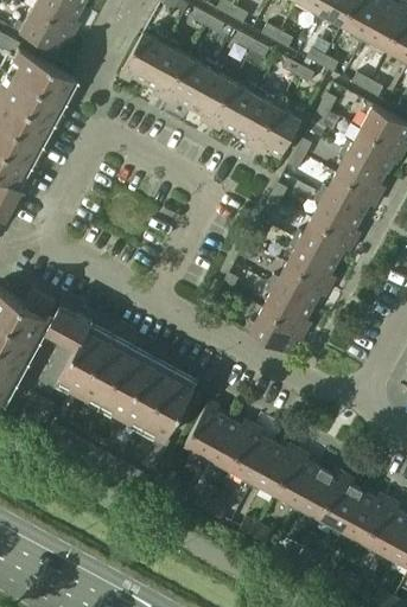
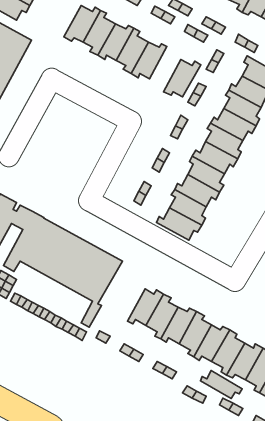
building: [236,89,279,151] -> none
building: [186,401,230,462] -> none
building: none -> [200,371,242,398]

